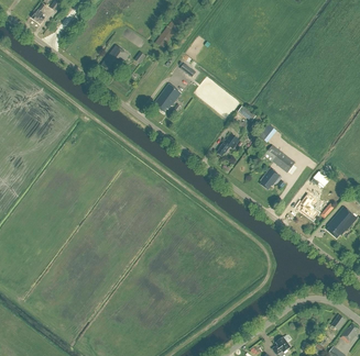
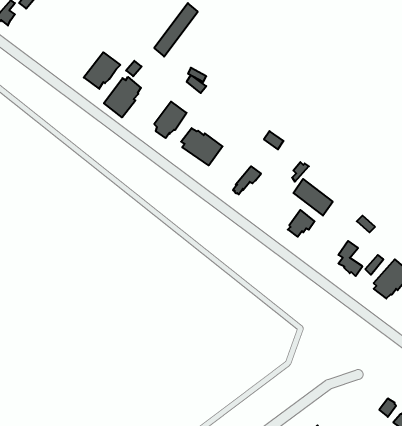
building: none -> [104,77,141,117]
building: none -> [181,128,223,165]

